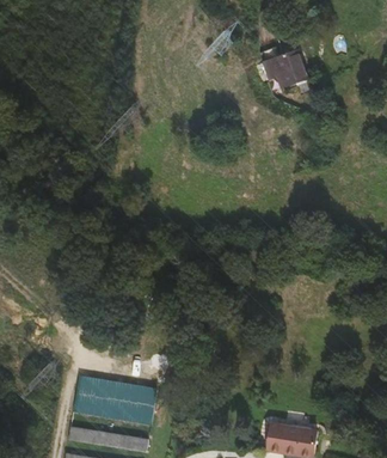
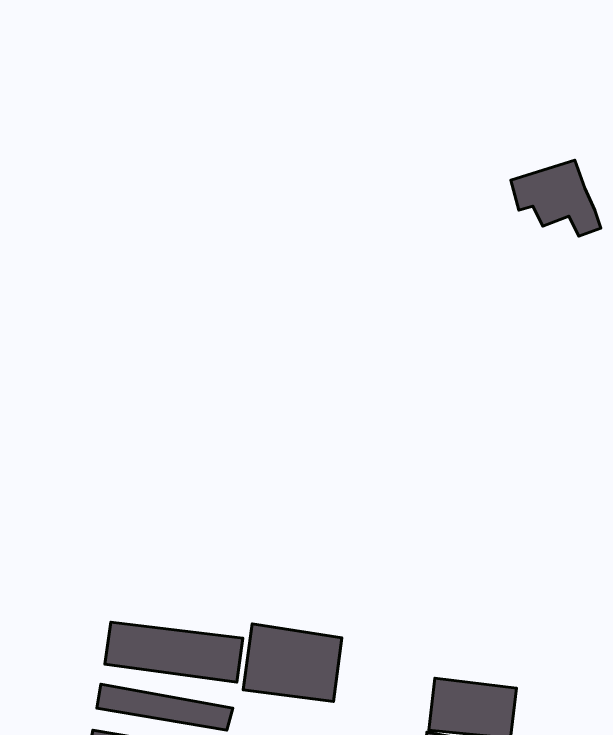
building: [257,49,311,94] -> [511,160,601,236]
building: none -> [243,624,342,701]

